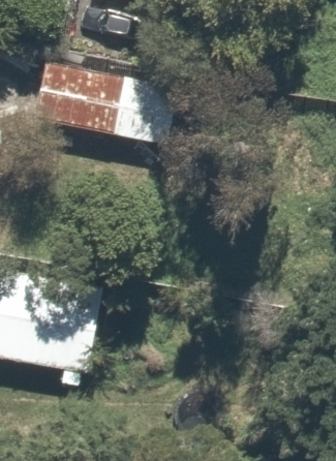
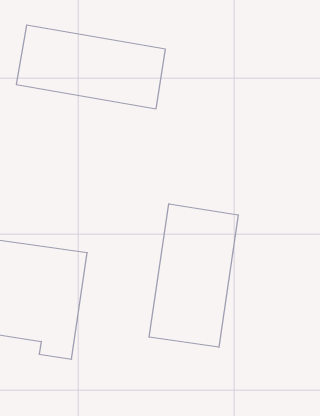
building: none -> [149,204,238,347]

